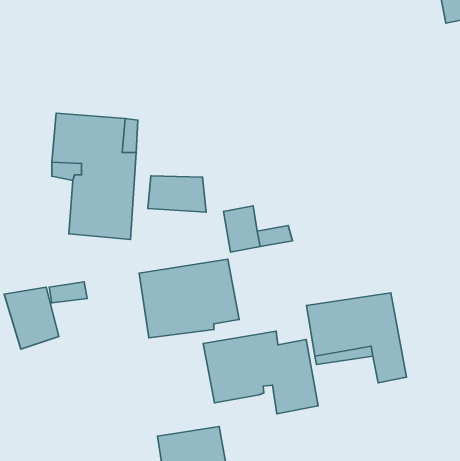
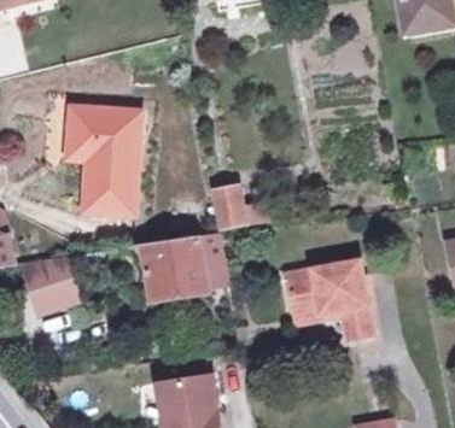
building: [148,176,206,212] -> none
building: [203,331,318,414] -> none

